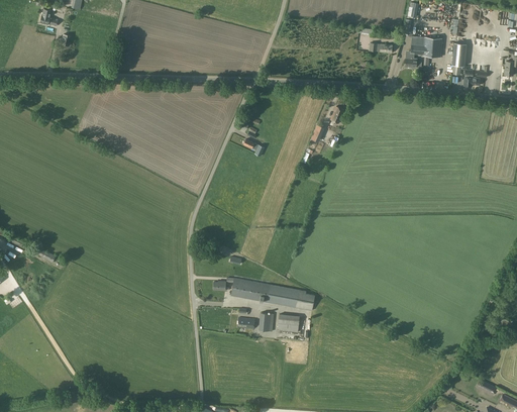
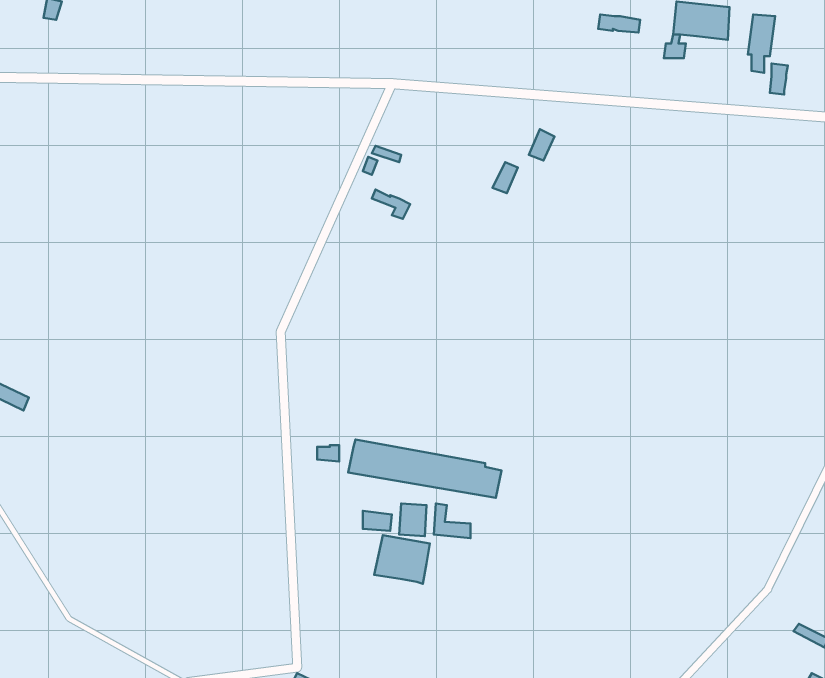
building: none -> [374,535,430,584]

